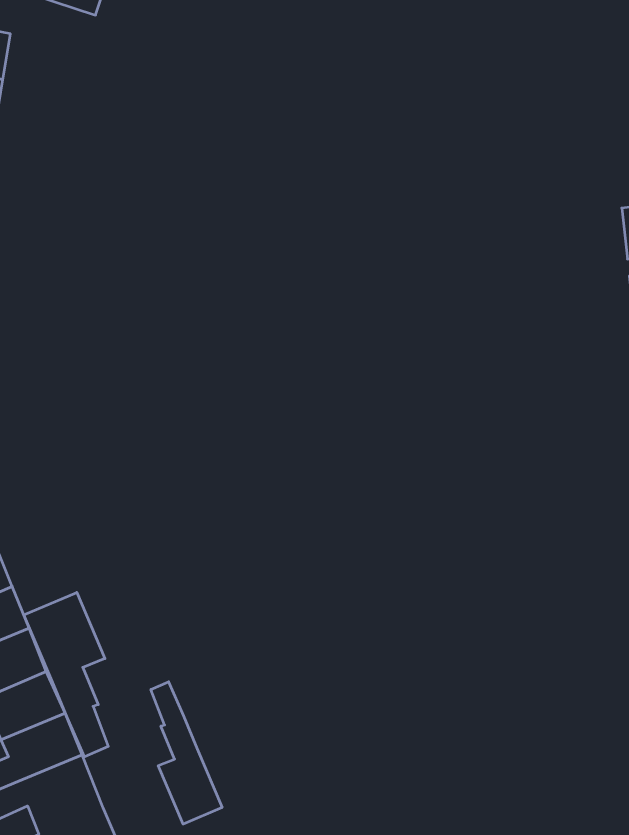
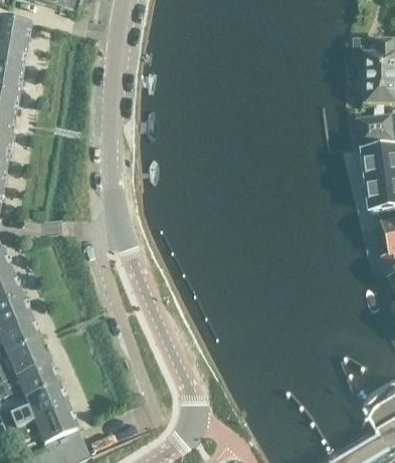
building: [24,592,108,757] -> none
building: [151,682,222,824] -> none

